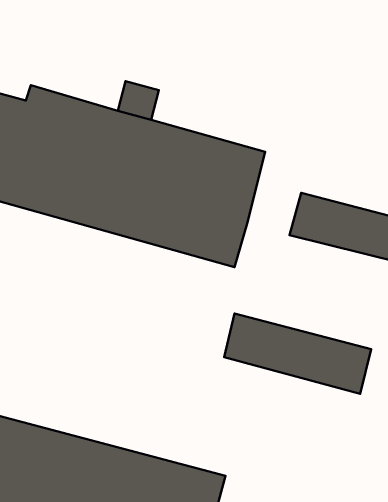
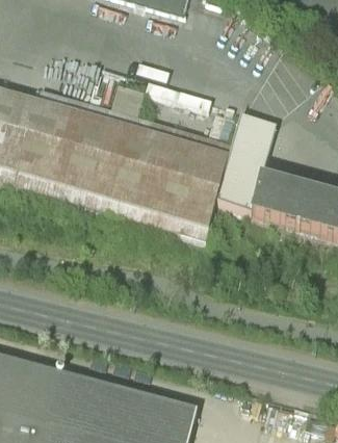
building: none -> [215,116,271,210]
building: [224,313,371,394] -> none

